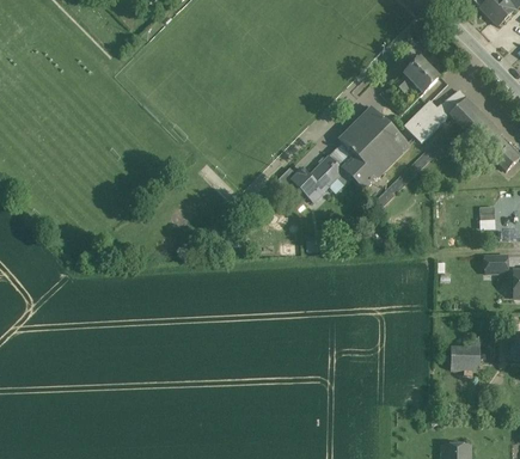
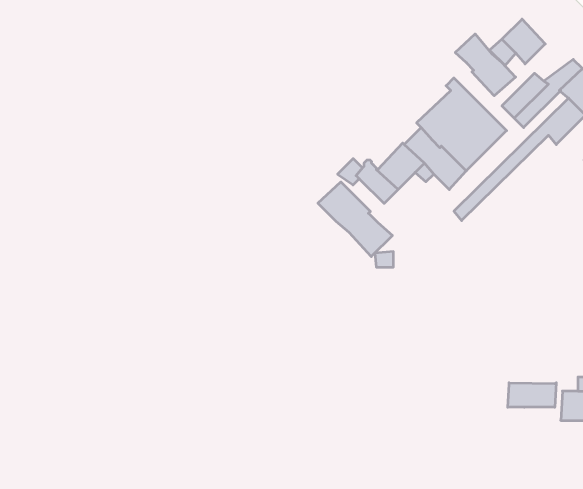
building: none -> [455,34,516,96]
building: none -> [318,182,392,257]
building: none -> [508,383,556,407]

